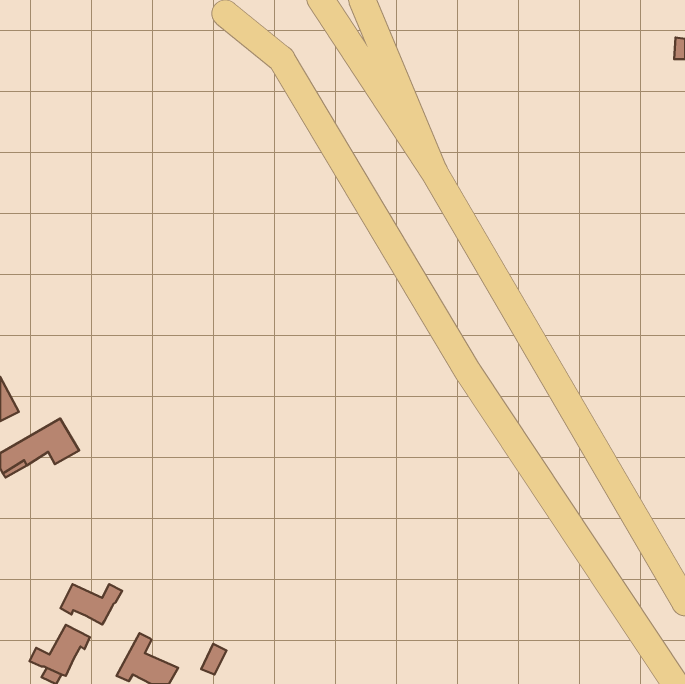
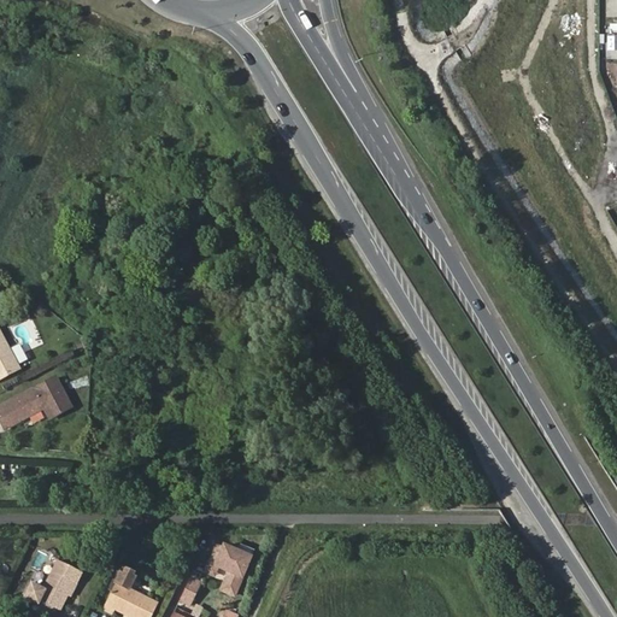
building: [60,584,122,624] -> none
building: none -> [206,545,251,594]

